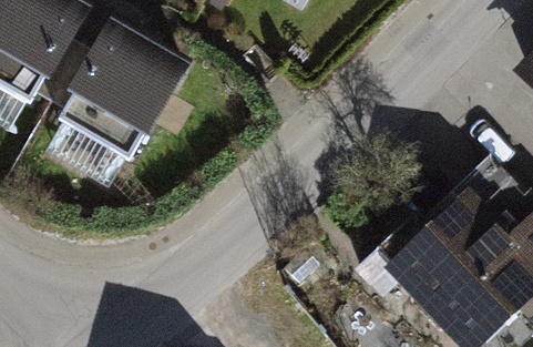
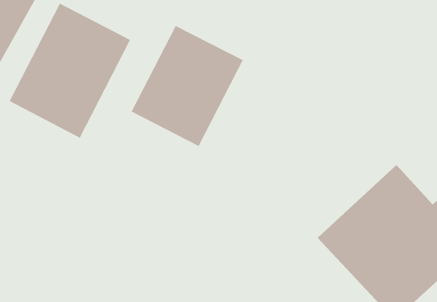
building: none -> [131,25,243,147]

